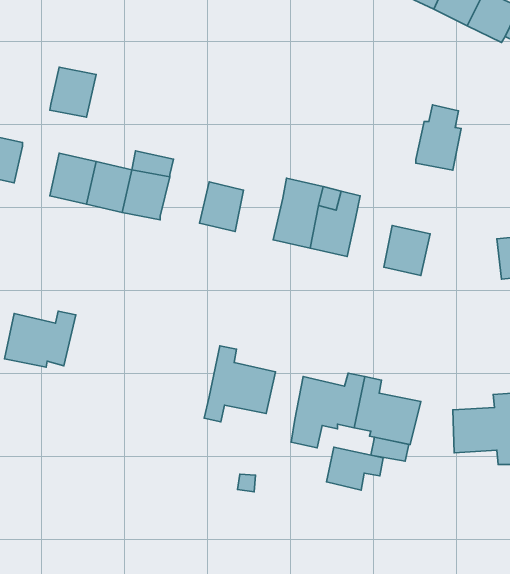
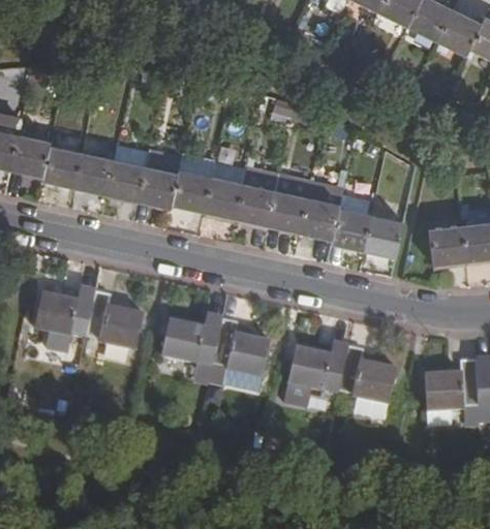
building: [50,67,96,117] -> [41,145,82,188]
building: [416,105,461,170] -> [332,193,371,250]
building: none -> [170,169,212,212]
building: none -> [235,183,276,226]
building: none -> [428,225,466,264]
building: none -> [86,291,144,350]
building: none -> [160,315,221,364]
building: [327,447,383,490] -> none

